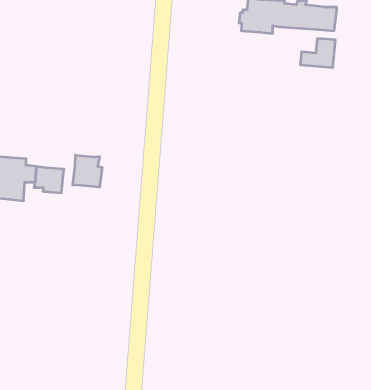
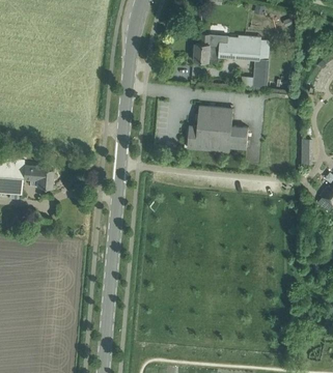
building: none -> [187,106,248,152]
building: [73,155,102,187] -> none

